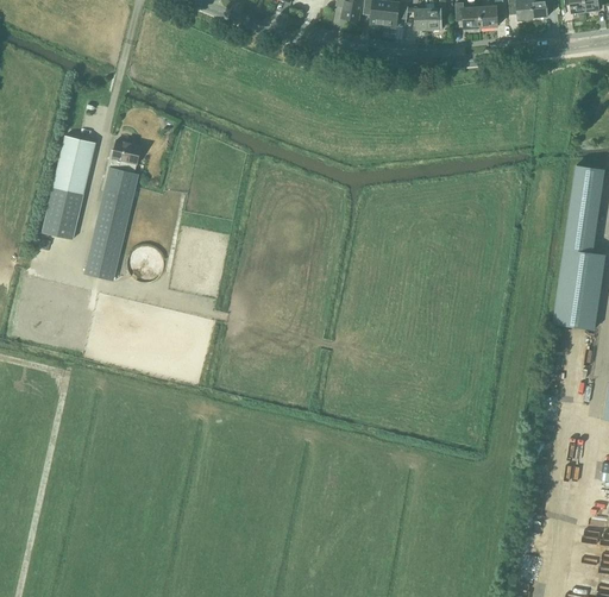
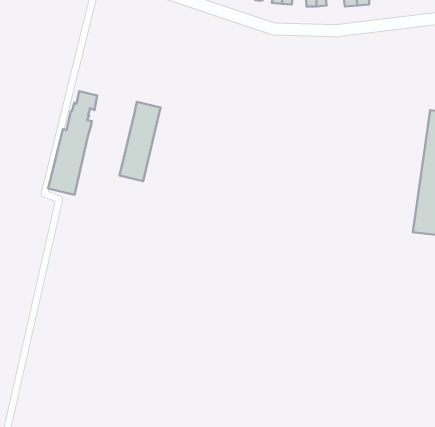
building: [43,136,96,239] -> [119,102,160,181]

